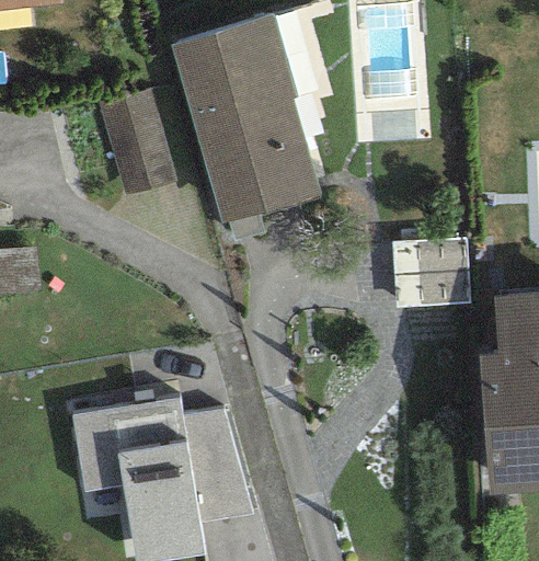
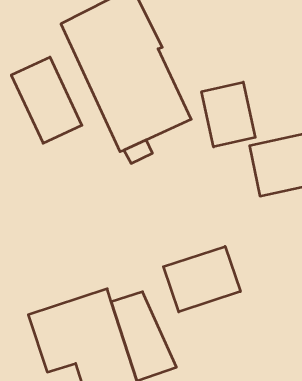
building: none -> [202,82,255,147]
building: none -> [163,246,240,312]

